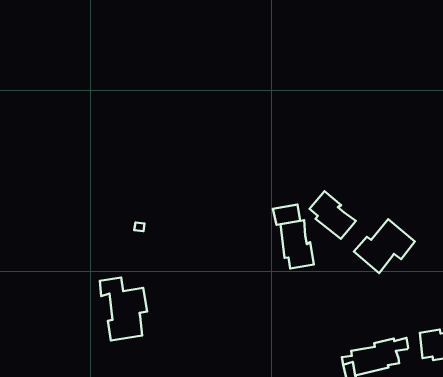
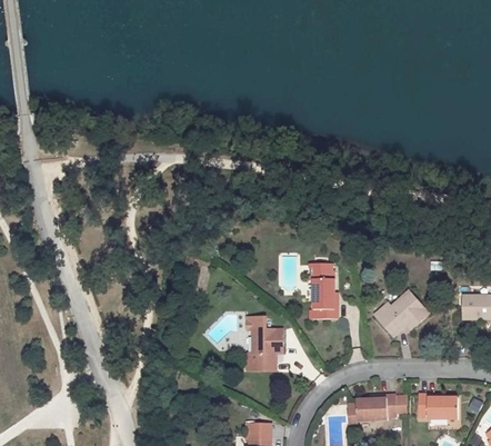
building: [310,191,356,239] -> none
building: [100,278,147,341] -> [244,317,282,370]

